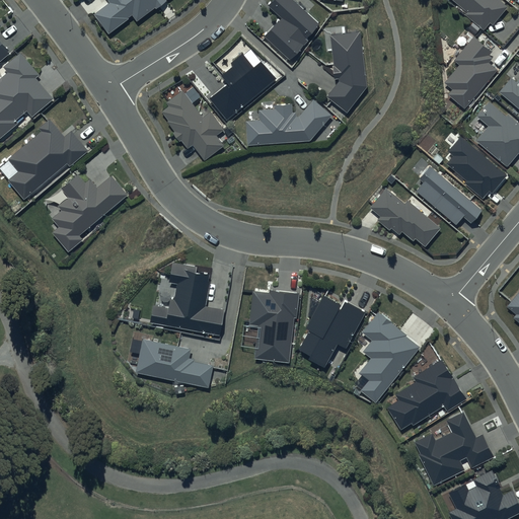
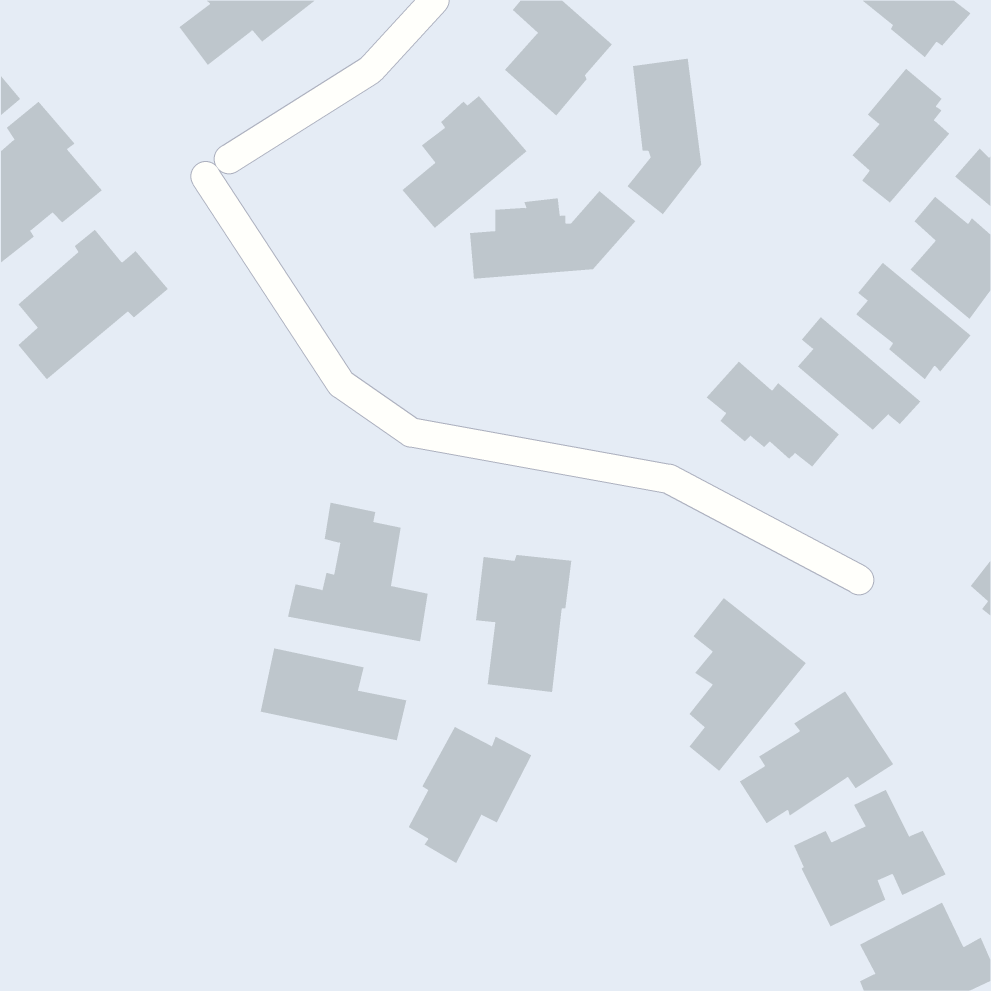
building: [161,90,224,160] -> none
building: [53,174,128,251] -> none
building: [299,297,364,369] -> [408,726,532,864]

